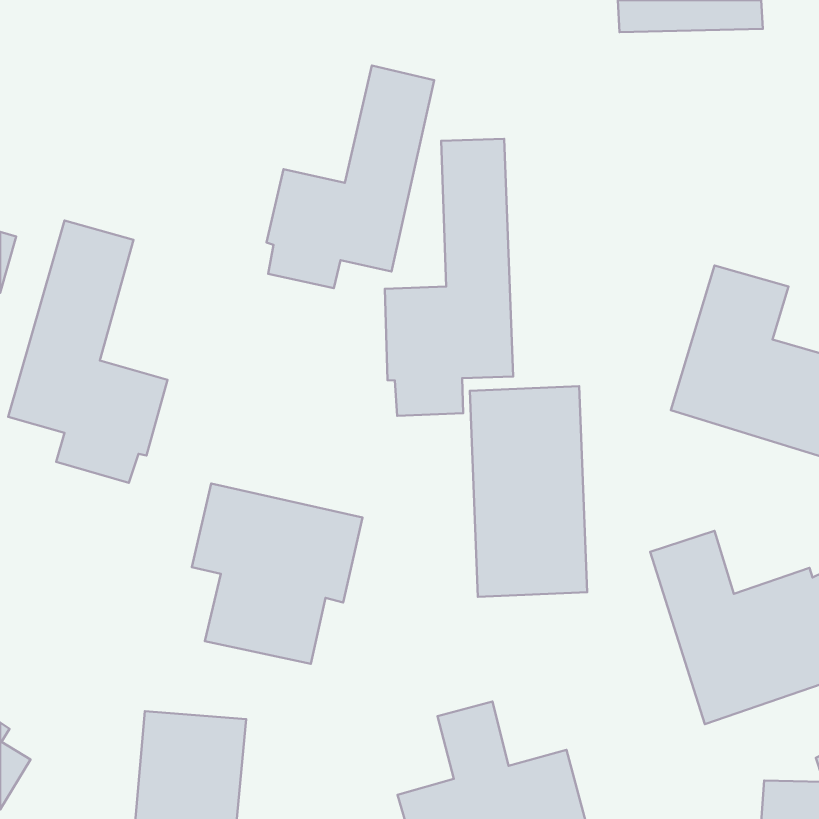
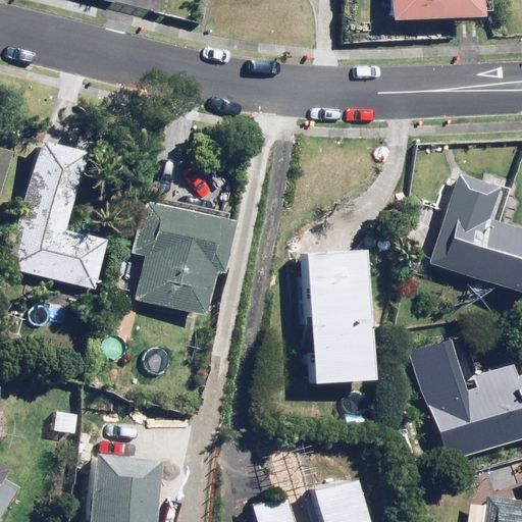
building: [266,66,434,288] -> none
building: [385,139,513,416] -> none
building: [192,484,362,664] -> [132,201,240,315]

